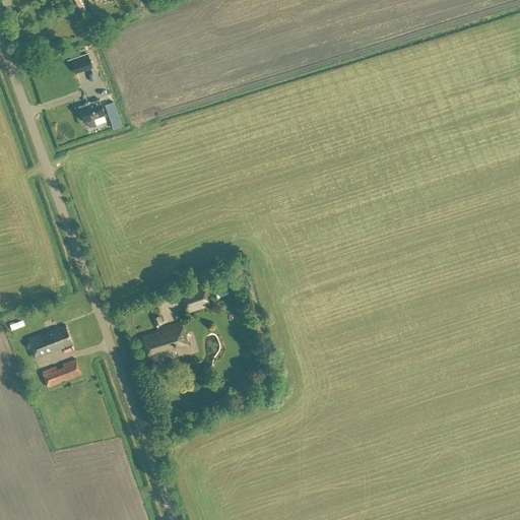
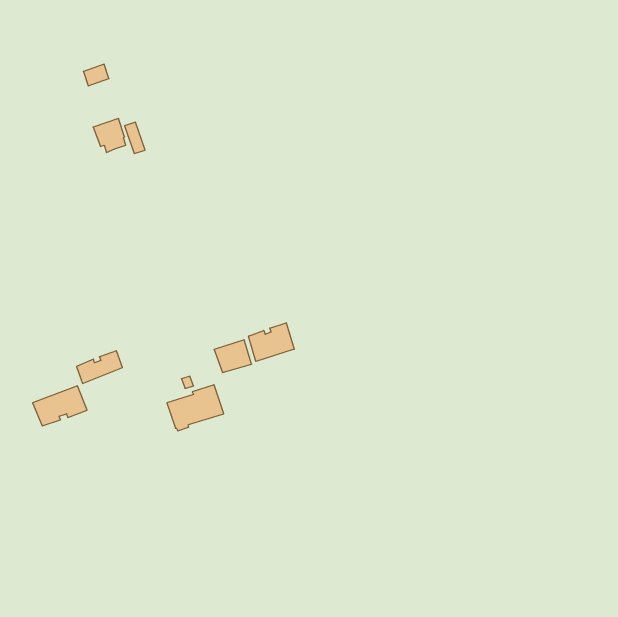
building: none -> [249,323,294,361]
building: [42,360,80,387] -> [77,351,122,383]

